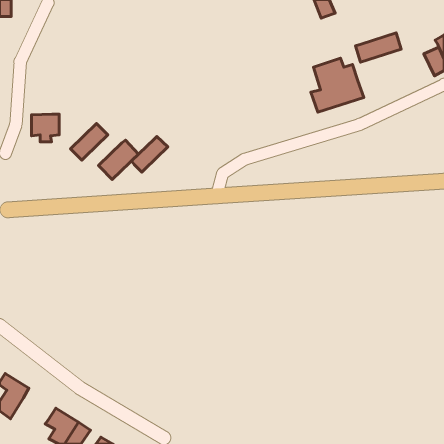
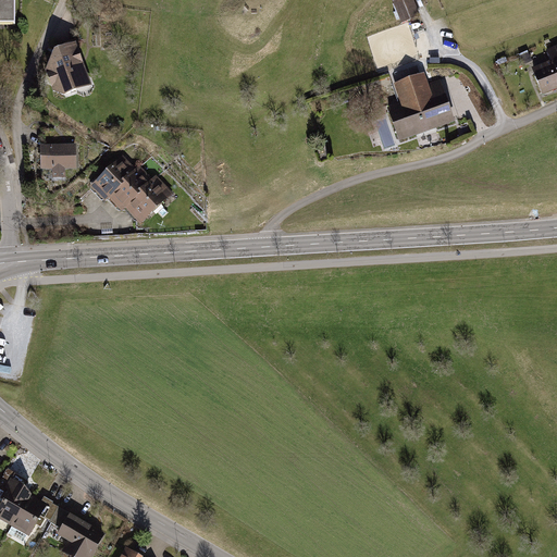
building: [356,33,401,62] -> none
building: none -> [42,41,90,95]
building: [131,136,168,172] -> [107,165,152,210]
building: none -> [9,497,70,541]

